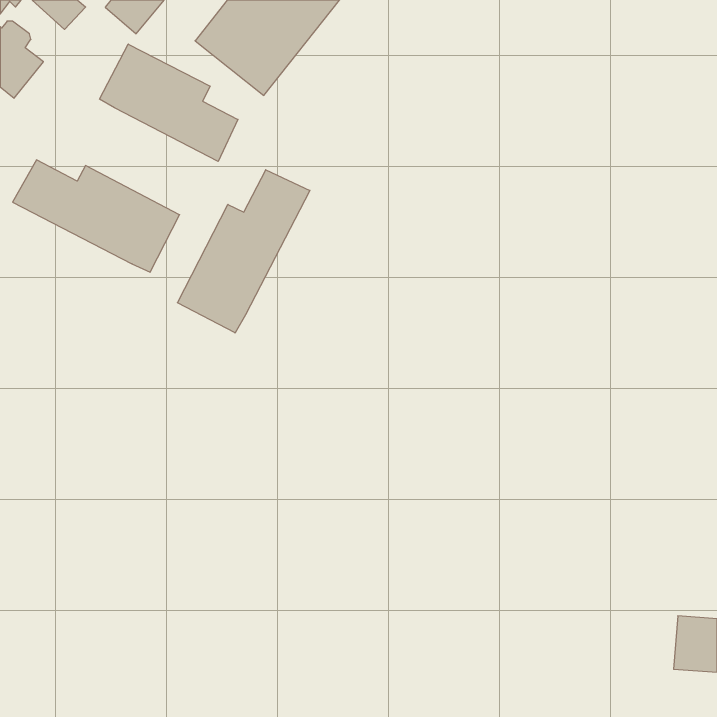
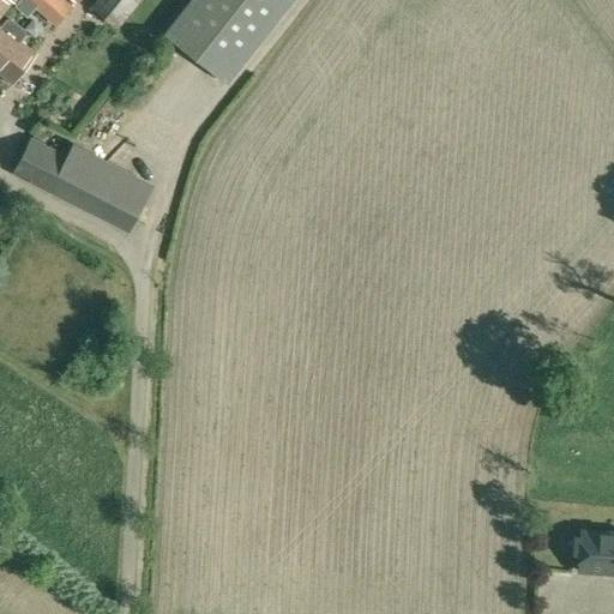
building: [100,44,238,161] -> none
building: [177,170,310,333] -> none

